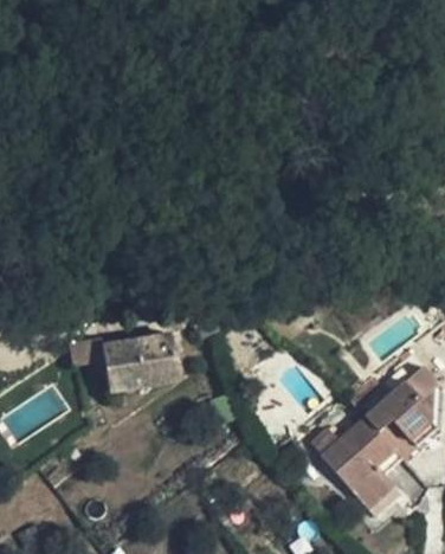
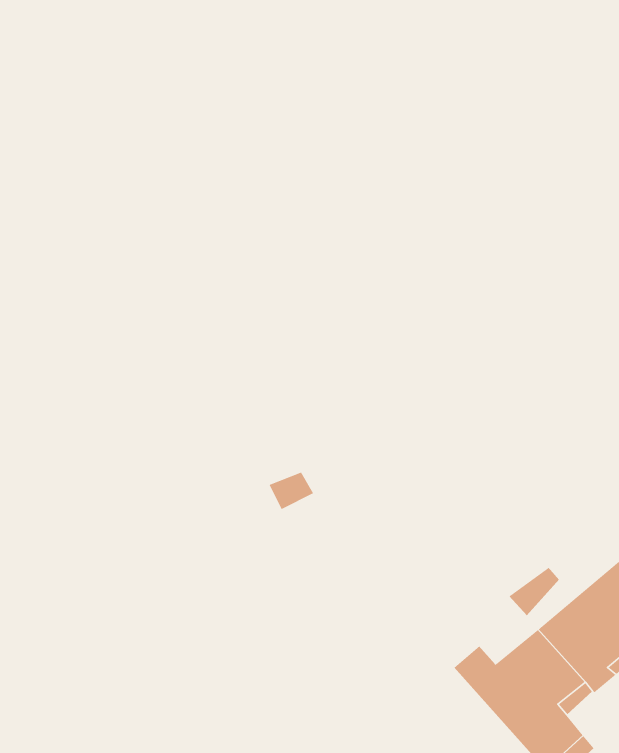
building: [99,333,178,391] -> none

